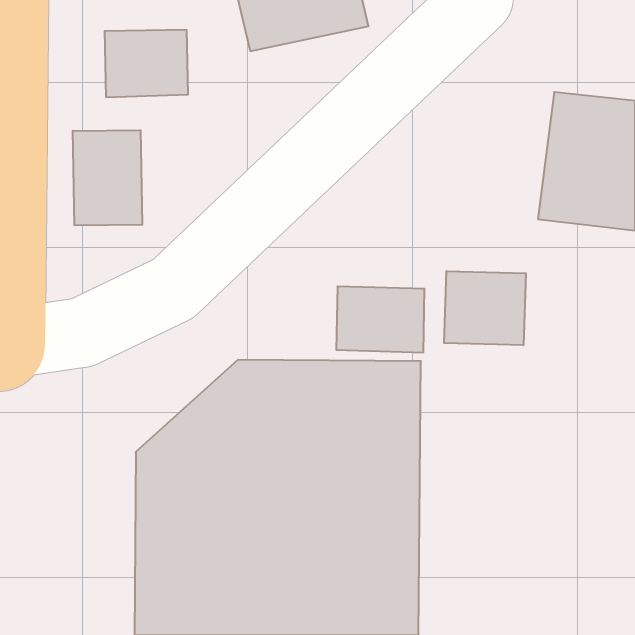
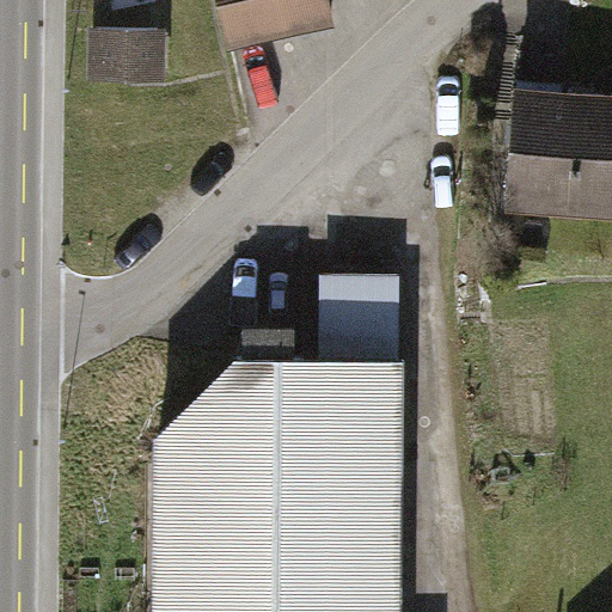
building: [73,130,142,225] -> none
building: [444,271,526,345] -> none

